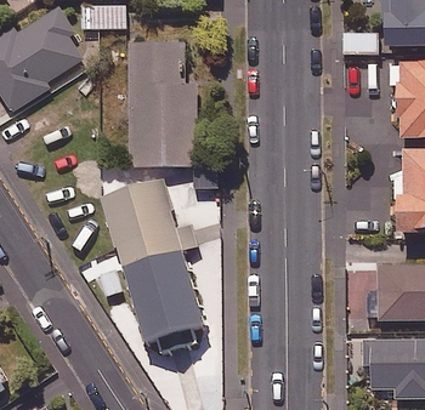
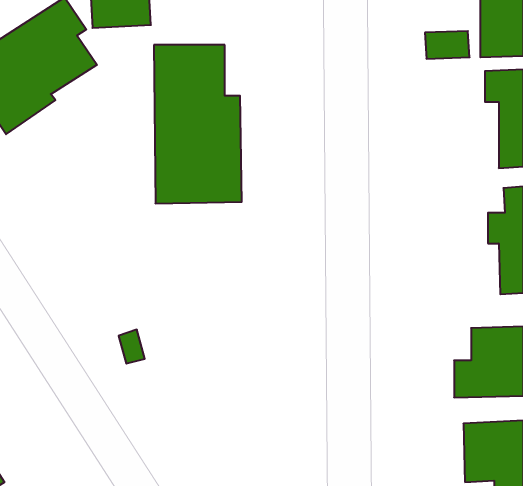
building: [100,177,205,351] -> none

